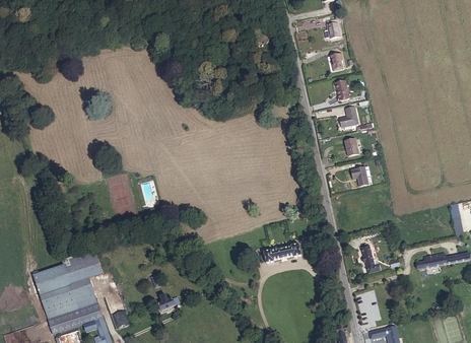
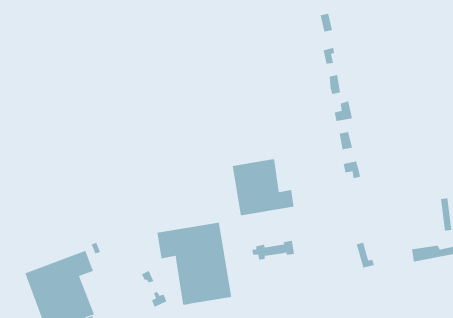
building: none -> [232,158,294,216]
building: none -> [157,222,232,306]

